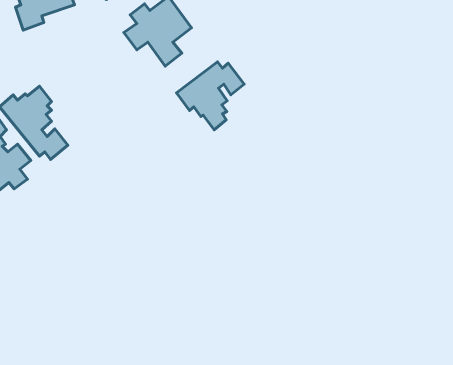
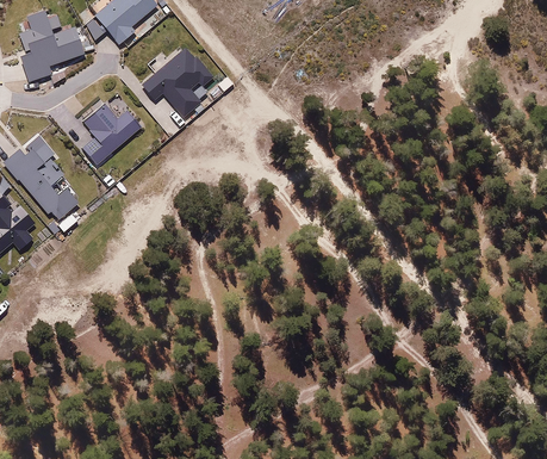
building: none -> [81,105,142,166]
building: [176,62,244,130] -> none

